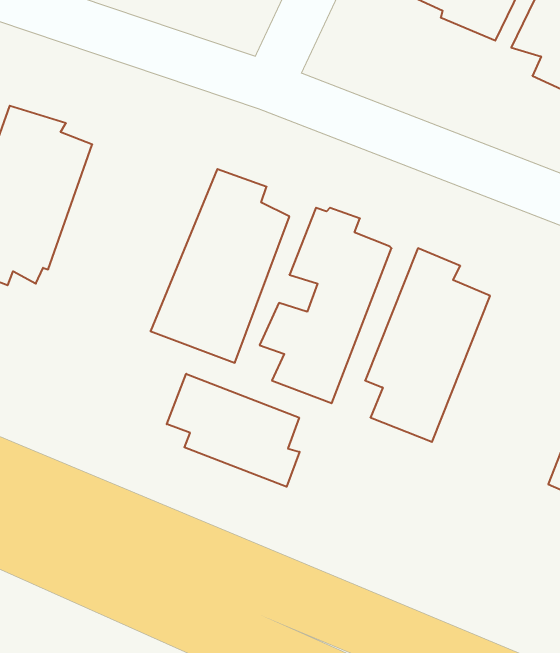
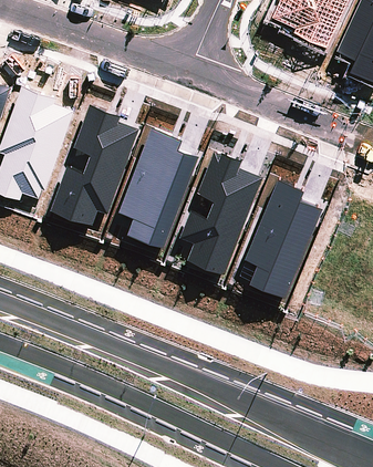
building: none -> [50,104,138,226]
building: [167,374,300,487] -> none

